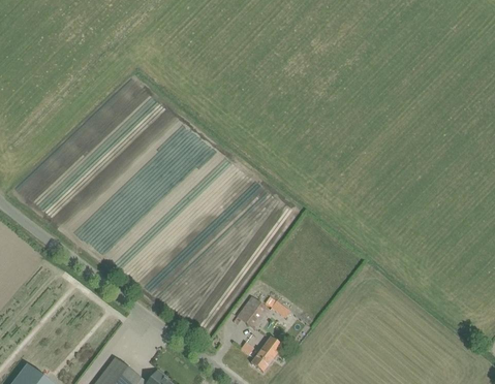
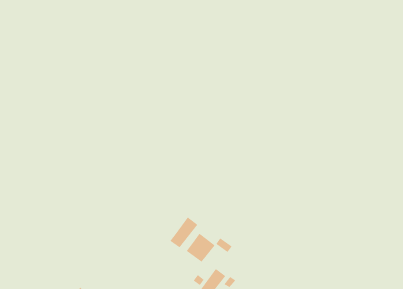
building: none -> [170,217,198,248]

